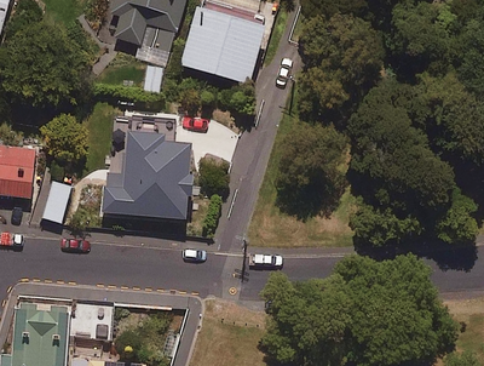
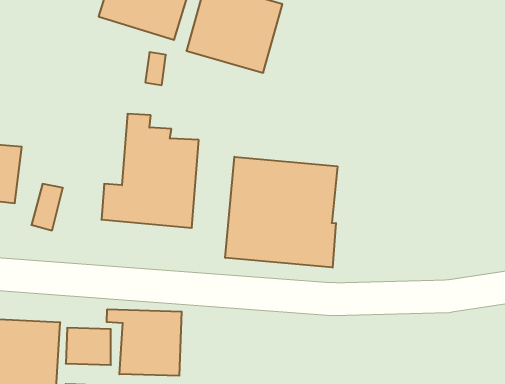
building: none -> [225,157,337,268]
building: none -> [107,309,182,376]

